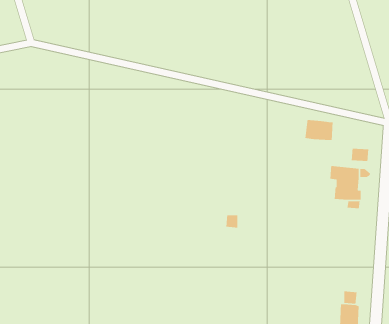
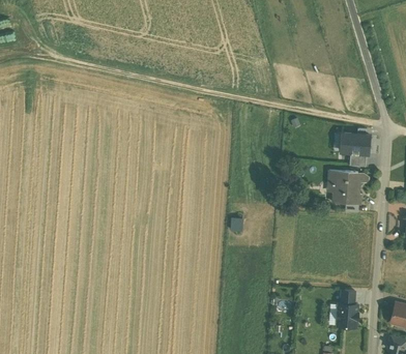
building: [305,119,334,141] -> [342,132,370,153]

